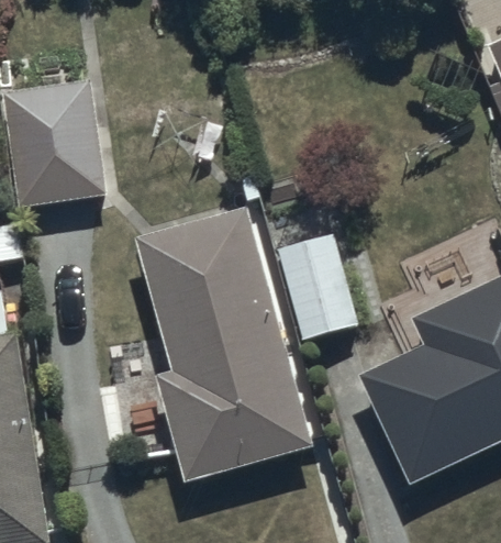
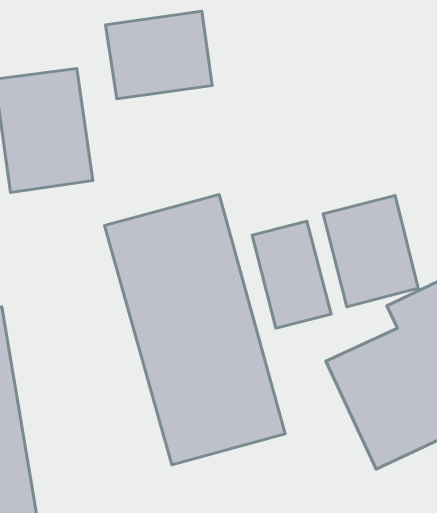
building: none -> [106,11,212,99]
building: none -> [323,196,418,307]

